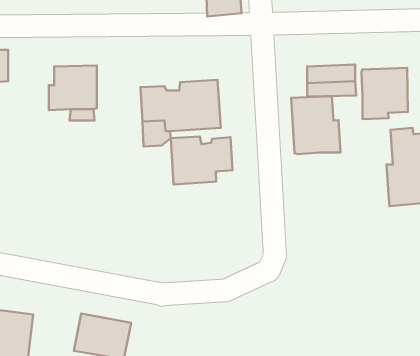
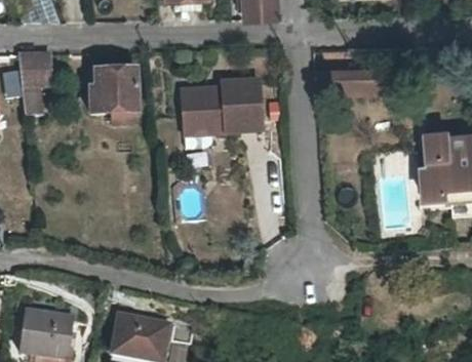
building: [361,68,408,119] -> none
building: [291,96,340,154] -> none
building: [171,136,233,184] -> none

